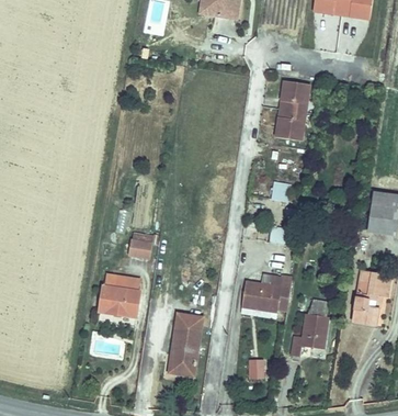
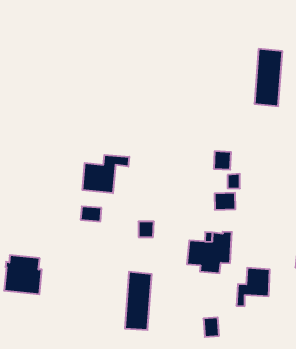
building: [273,78,307,140] -> [254,49,282,106]
building: none -> [82,155,129,193]
building: [99,269,140,313] -> [4,255,42,294]

